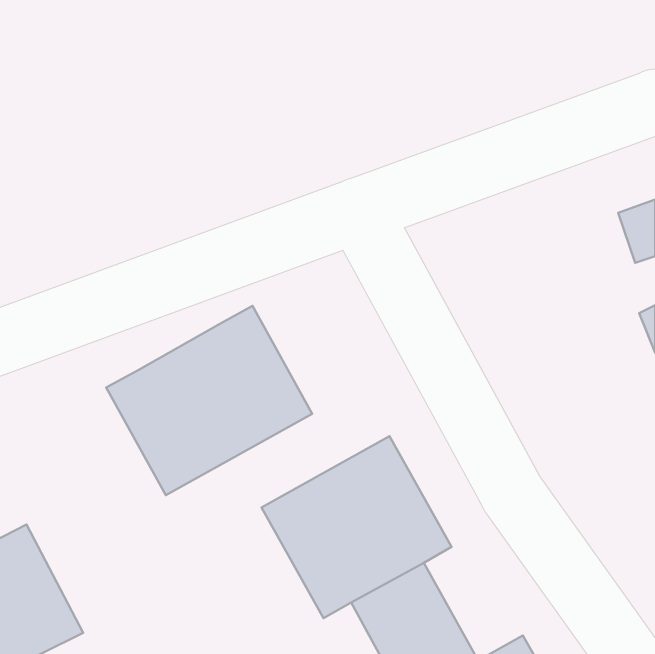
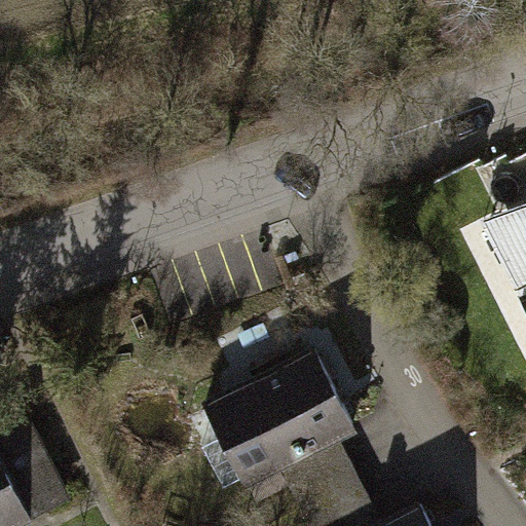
building: [106,306,312,495] -> none

